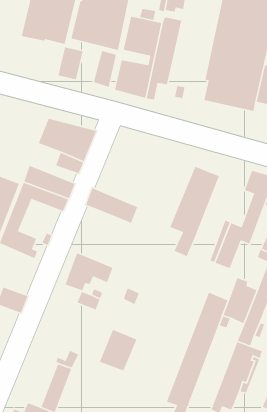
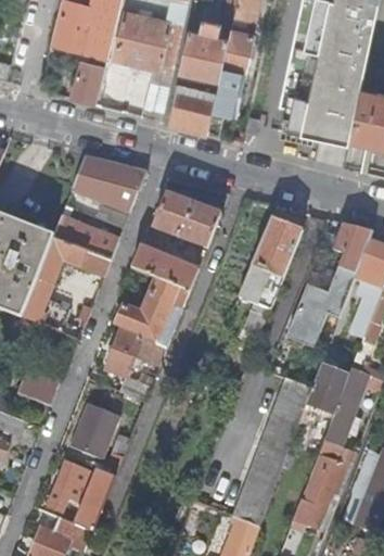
building: none -> [71,56,106,102]
building: none -> [153,191,221,247]
building: none -> [115,276,190,345]
building: [99,329,137,372] -> [71,402,119,456]
building: none -> [47,459,90,510]

